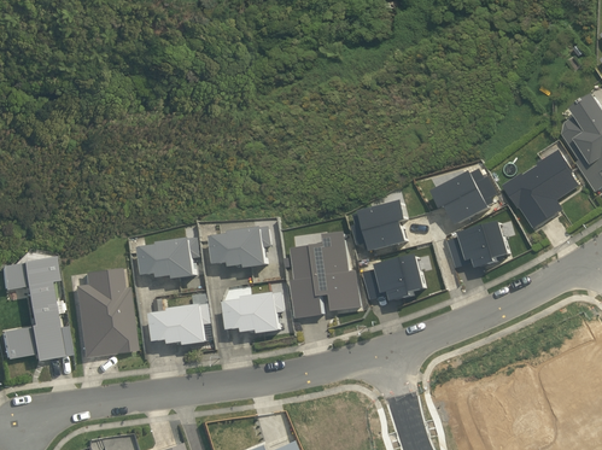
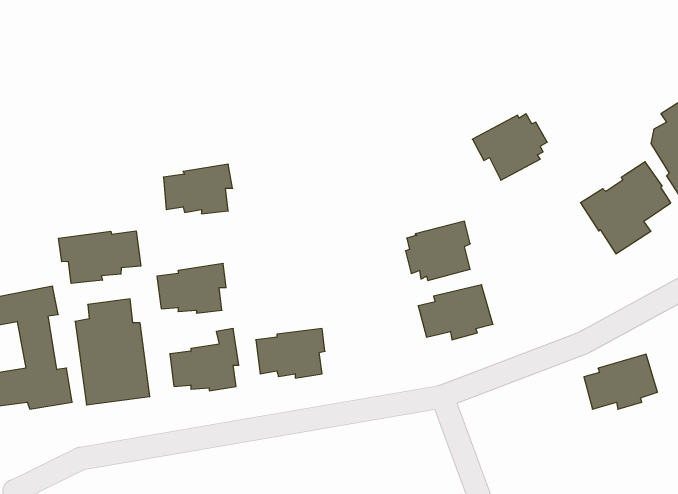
building: [434,169,498,226] -> [472,114,547,180]
building: none -> [59,231,141,283]
building: [449,221,512,268] -> [584,354,657,409]
building: [214,226,273,268] -> [163,164,233,214]
building: [291,232,362,318] -> none

